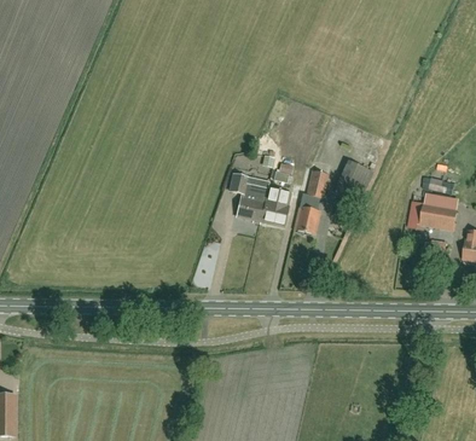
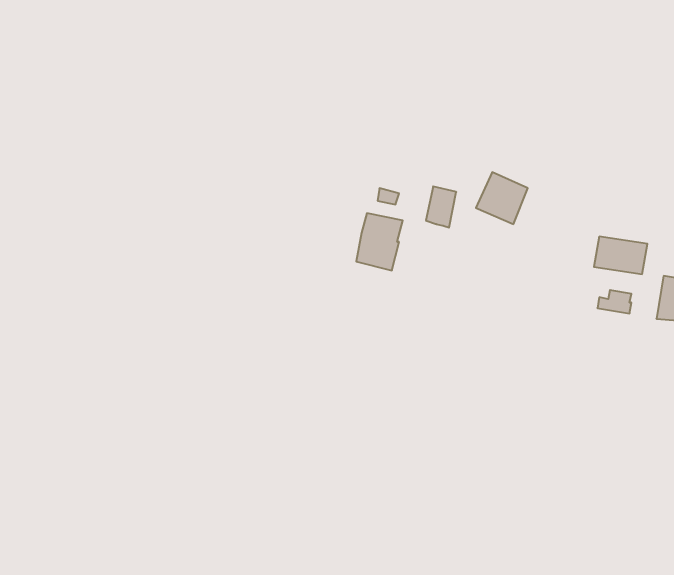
building: [230,173,268,220] -> none
building: [294,191,320,232] -> none

